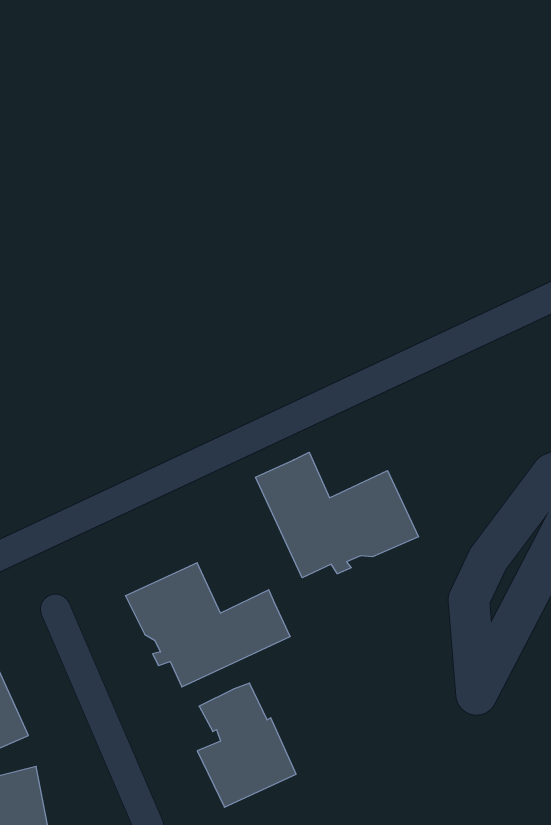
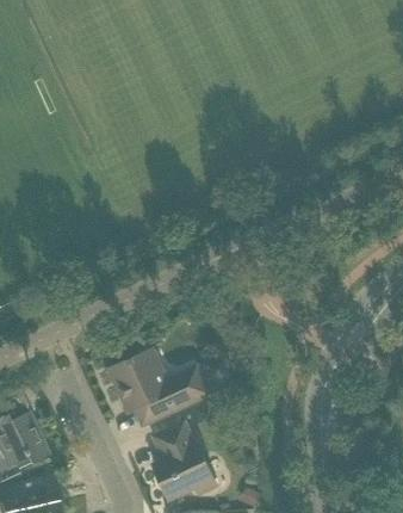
building: [256,452,419,578] -> none

